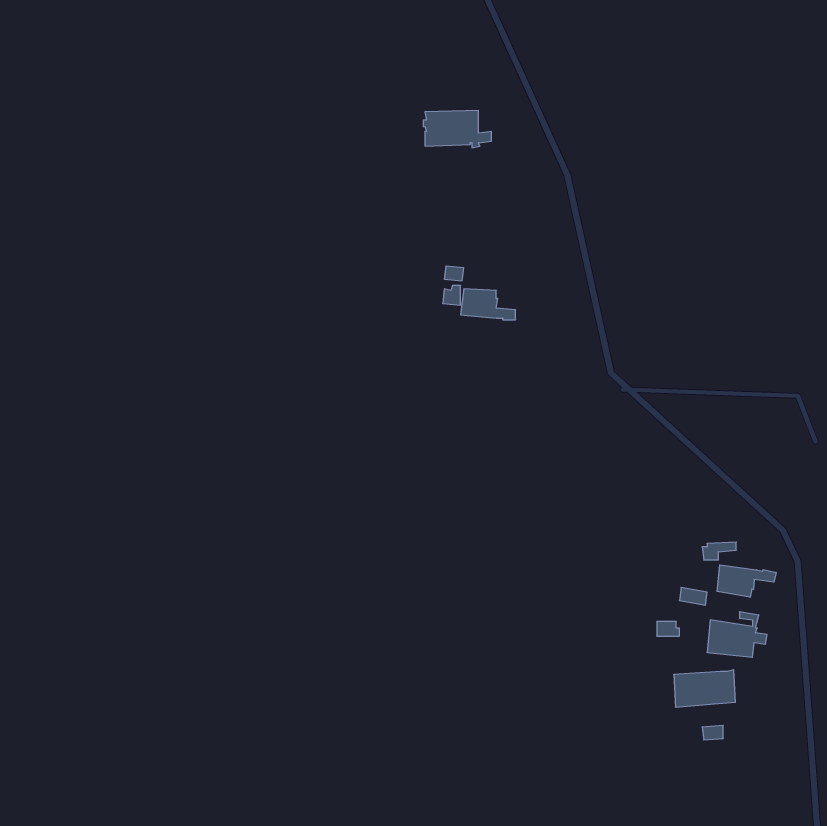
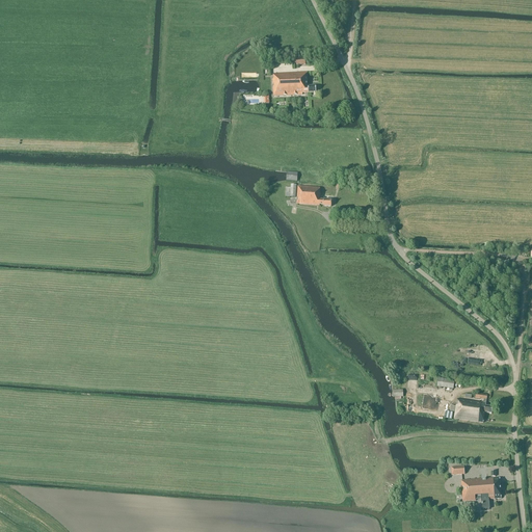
building: [717,565,776,597] -> none
building: [674,670,735,707] -> [460,476,500,500]

